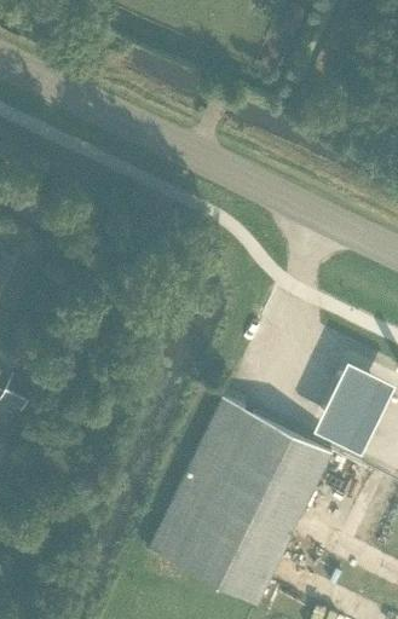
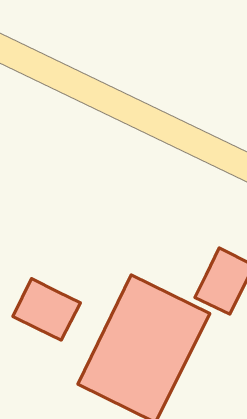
building: none -> [13,278,80,340]

